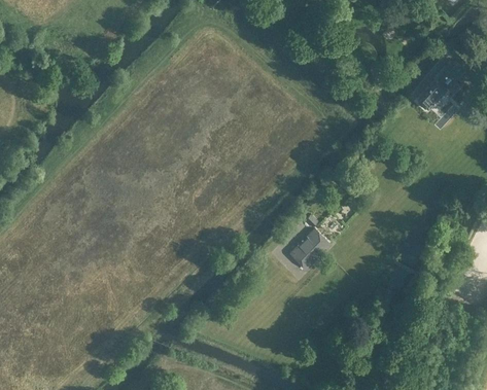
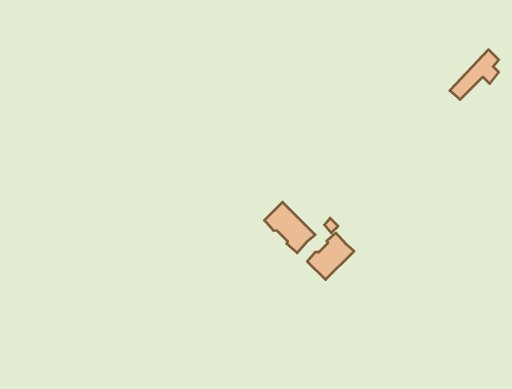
building: none -> [264,202,315,253]

